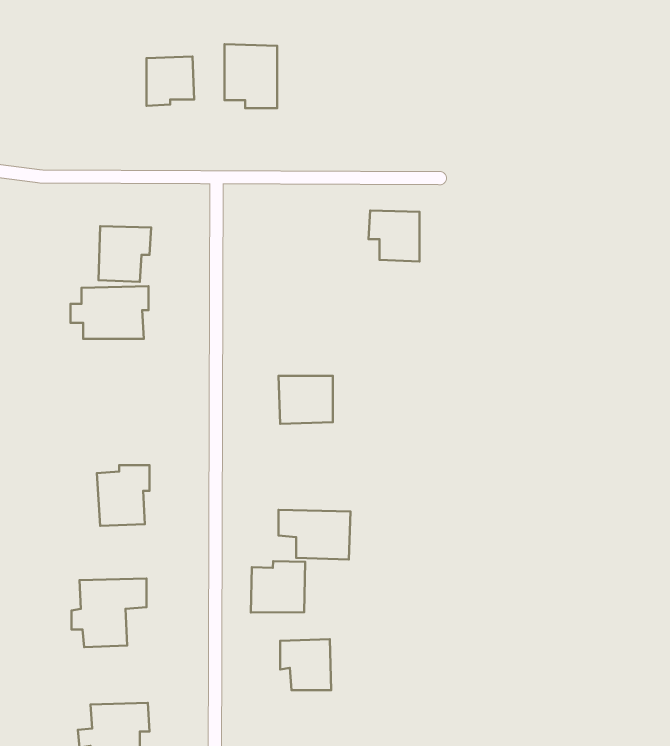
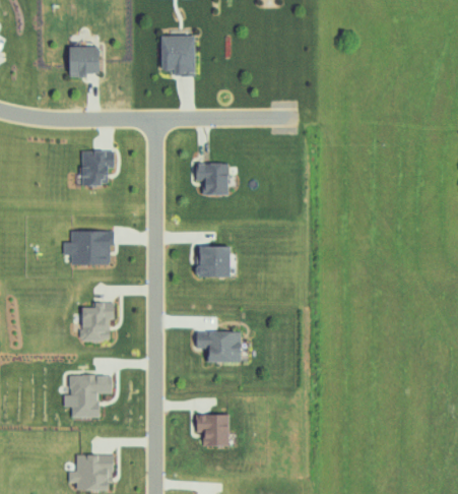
building: [146,57,194,106] -> [69,46,100,77]
building: [368,210,419,261] -> [196,163,228,195]
building: [70,286,148,339] -> [64,231,114,264]
building: [251,561,305,612] -> none

